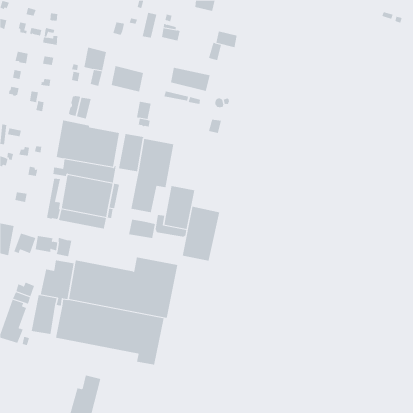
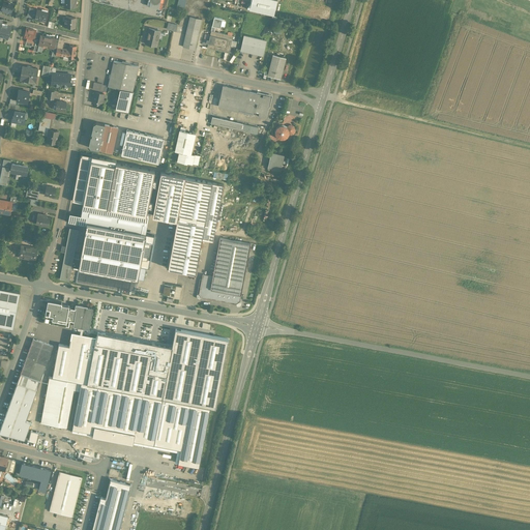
building: [216,31,237,48] -> [237,35,265,57]
building: [111,66,144,92] -> [120,129,163,164]
building: [182,206,220,262] -> none
building: [128,219,156,239] -> none
building: [13,233,36,254] -> [23,340,52,366]
building: none -> [18,463,50,492]
building: none -> [48,472,81,518]

